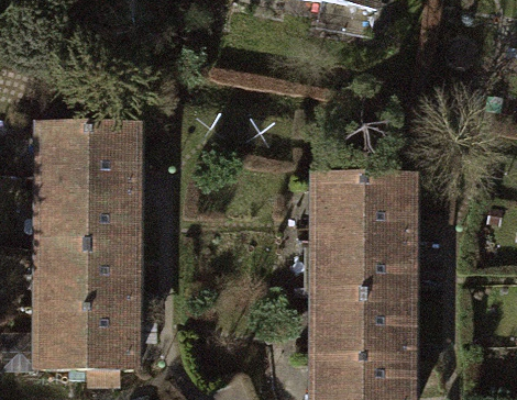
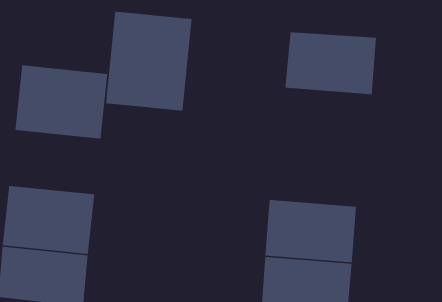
building: none -> [105,11,193,111]
building: [316,173,409,235] -> [285,31,377,95]
building: [40,187,133,246] -> none

